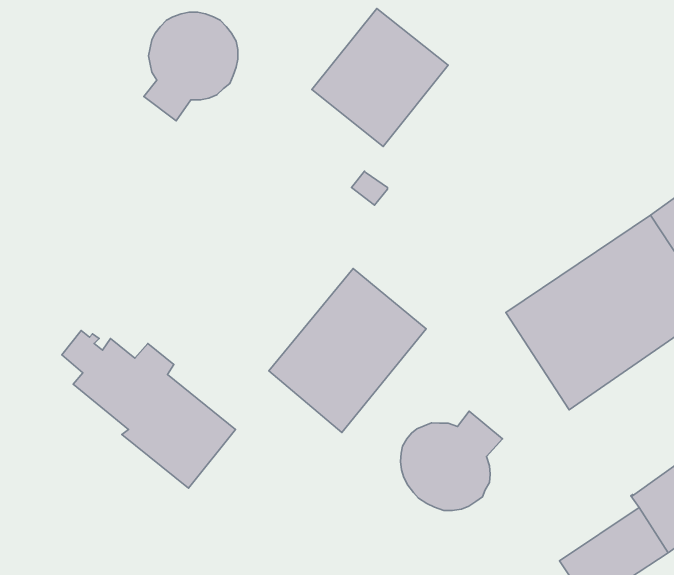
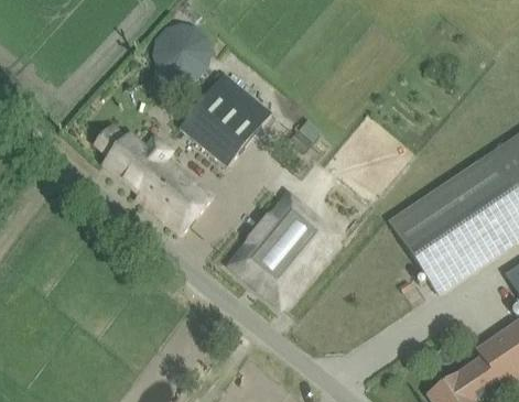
building: [312,8,448,146] -> [177,70,270,164]
building: [62,331,236,488] -> [95,126,213,232]
building: [401,411,502,511] -> none

